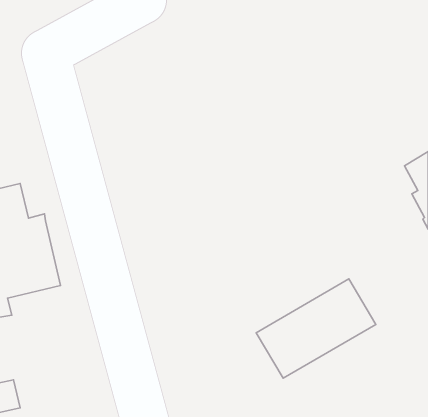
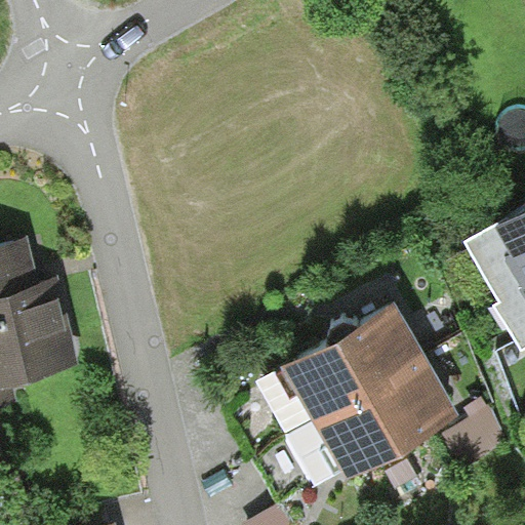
building: none -> [278,298,425,421]

